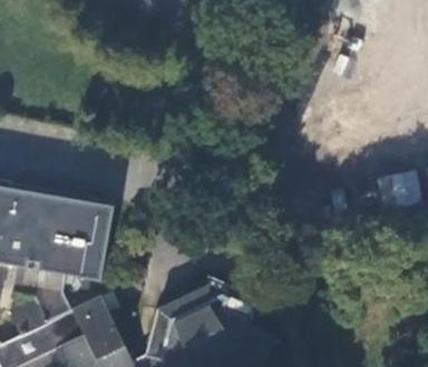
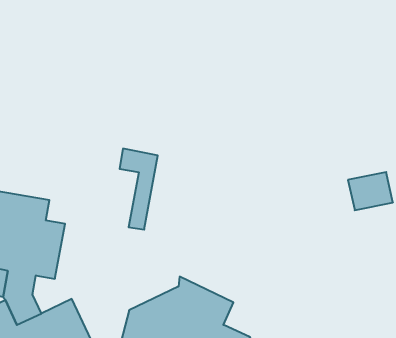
building: [75,199,113,279] -> [120,149,158,230]

